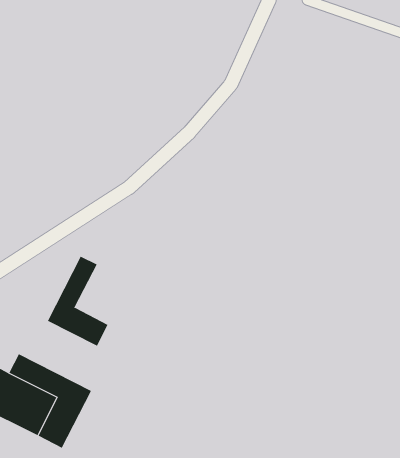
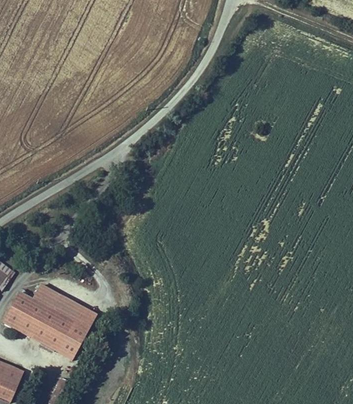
building: [47,256,108,347] -> none

